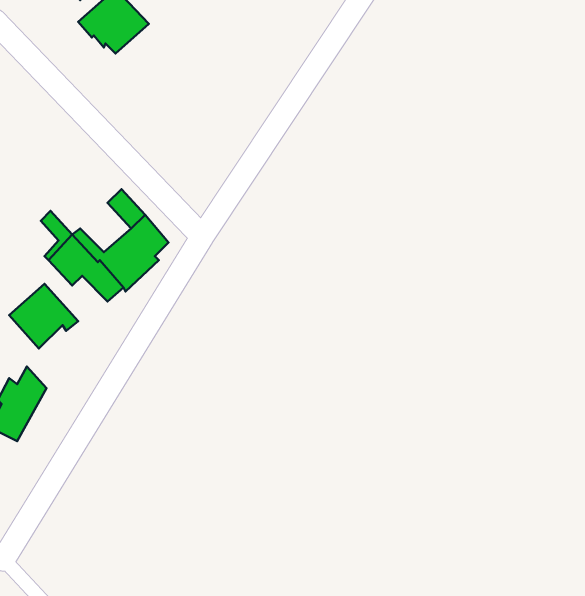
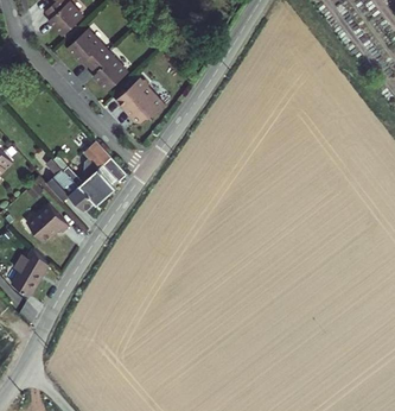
building: none -> [88,46,128,89]
building: none -> [114,74,165,120]

